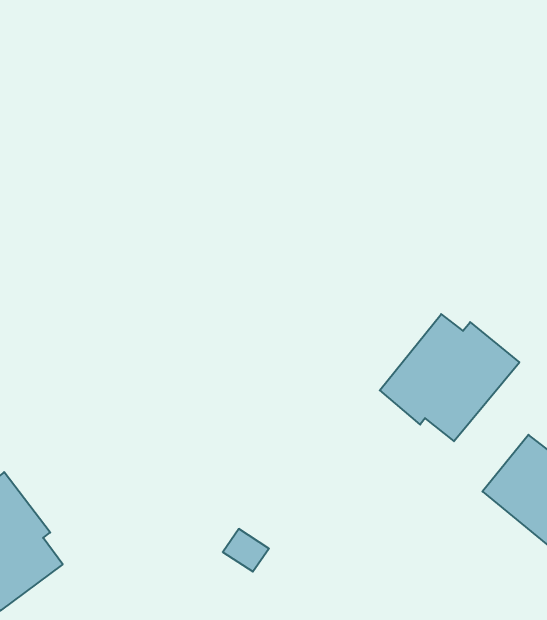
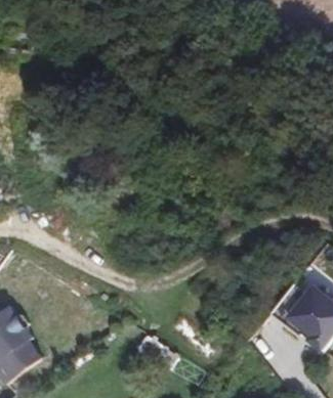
building: [380,314,519,441] -> none

